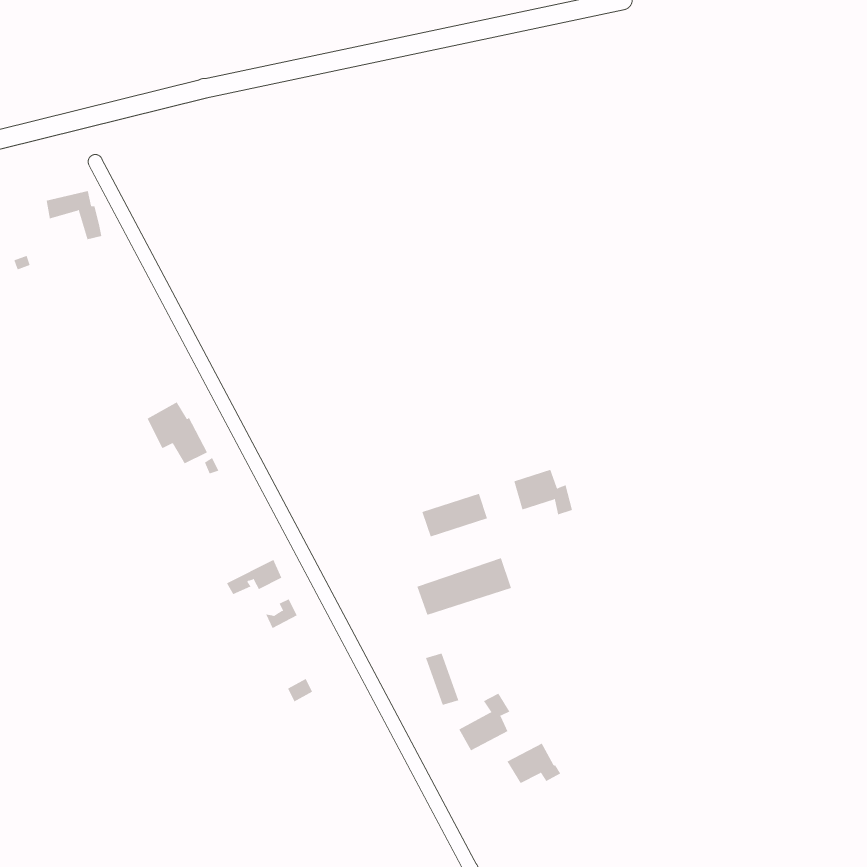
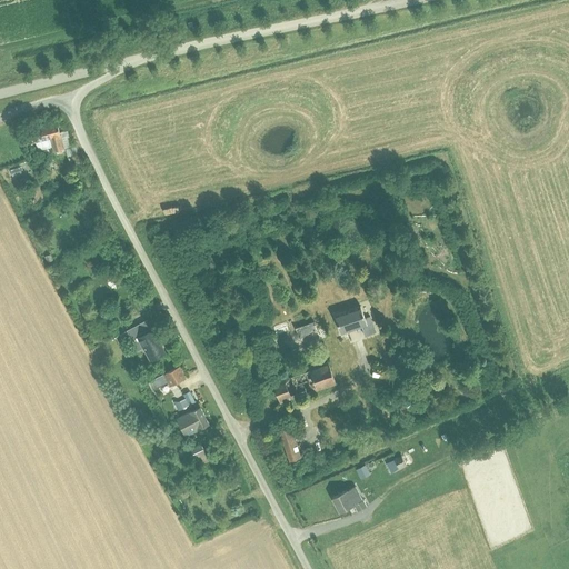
building: [147,401,208,464] -> [126,320,166,361]
building: none -> [176,408,208,437]
building: [458,693,510,751] -> none

